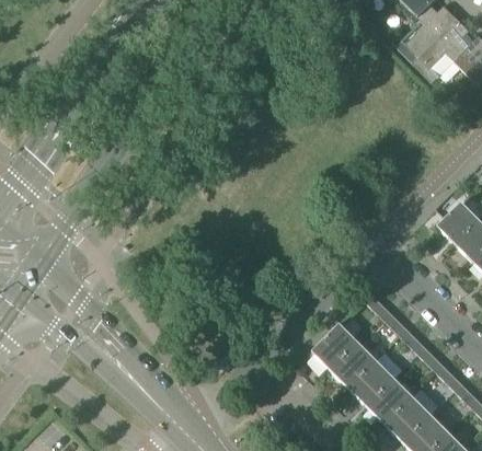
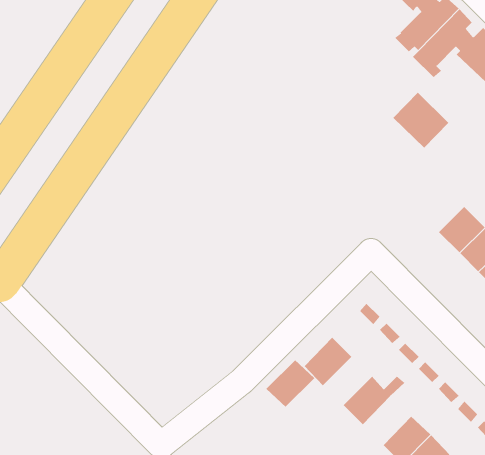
building: none -> [392,92,449,149]
building: [330,342,376,386] -> [266,359,315,408]
building: [367,378,412,424] -> none

